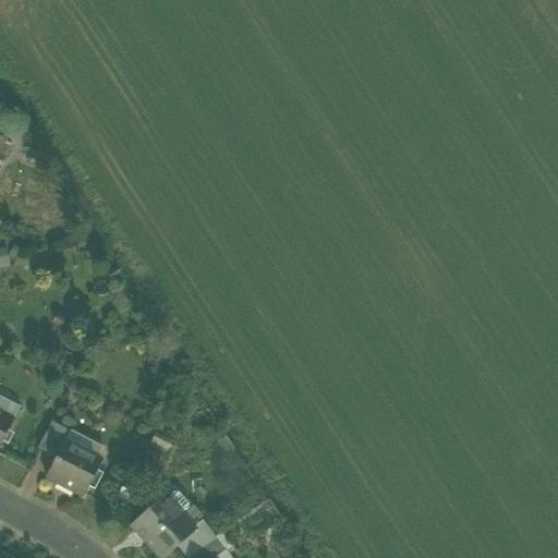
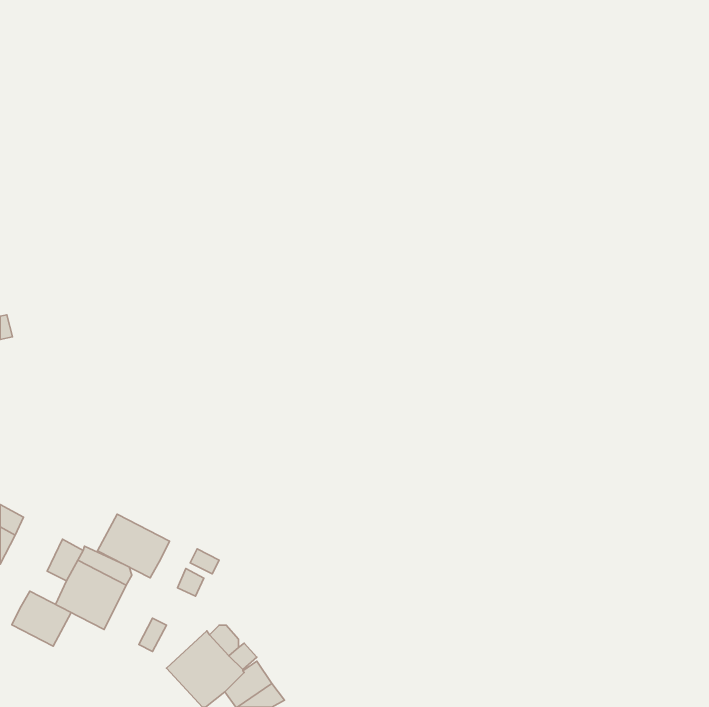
building: none -> [98,514,170,578]
building: none -> [12,591,71,646]

